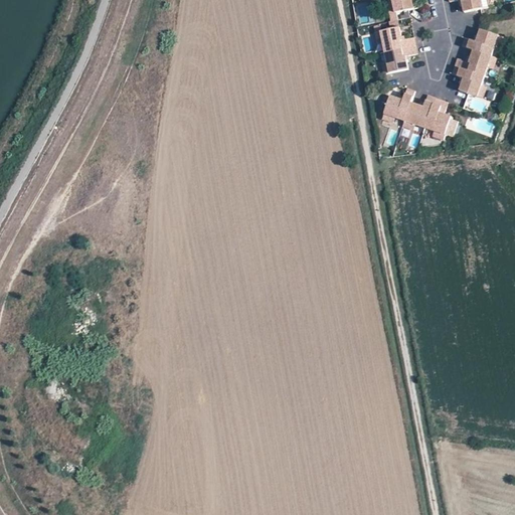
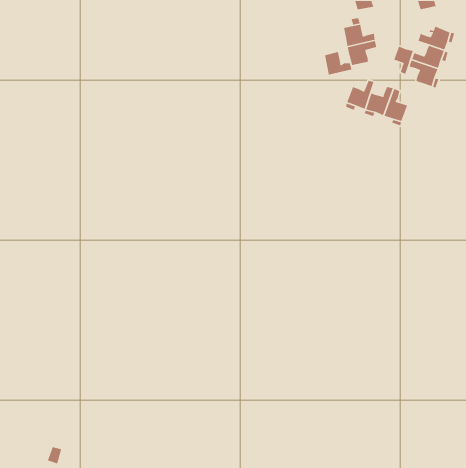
building: none -> [393,45,414,75]
building: none -> [324,51,353,75]

